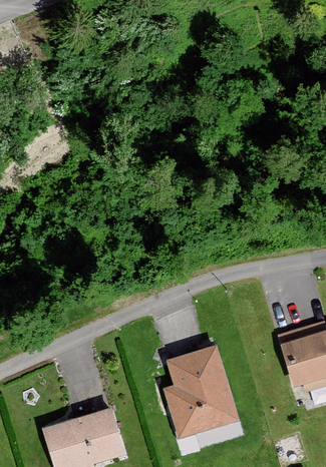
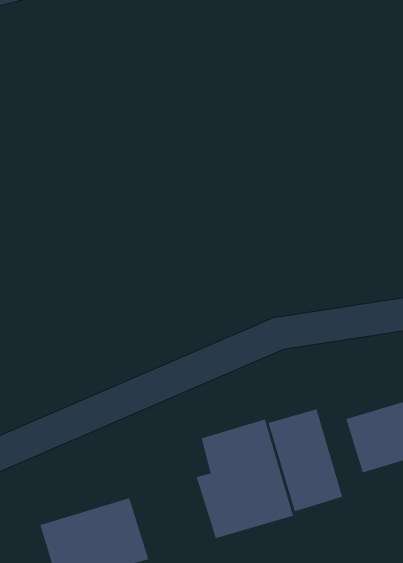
building: none -> [268,409,343,512]

